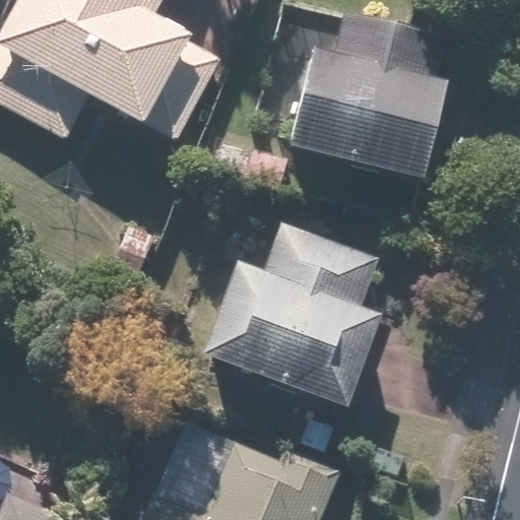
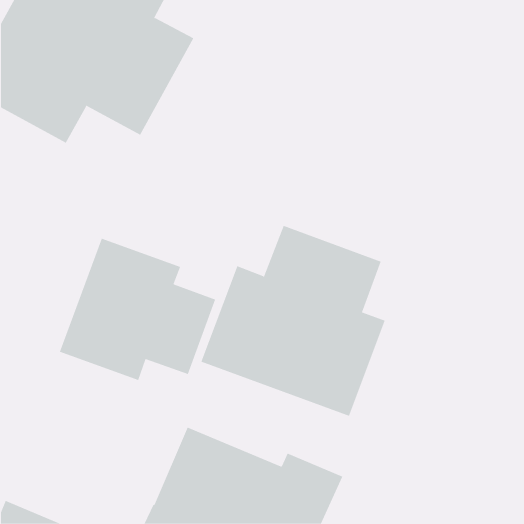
building: [289,11,449,182] -> none
building: none -> [59,238,216,381]

